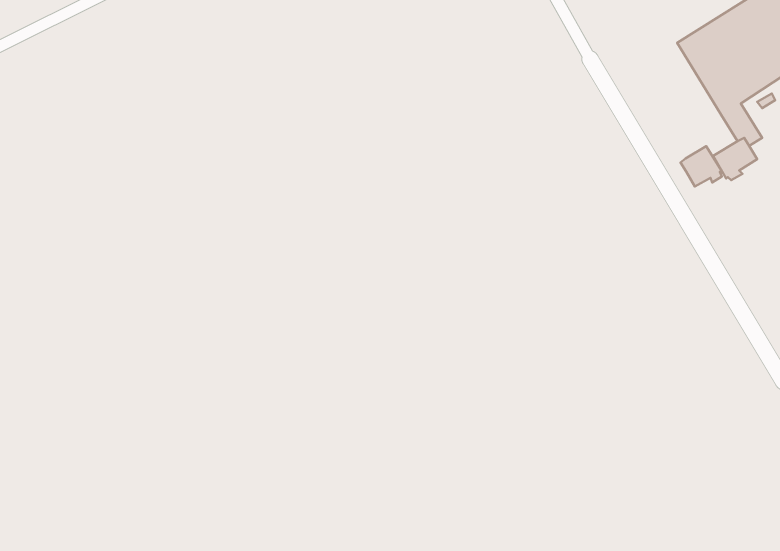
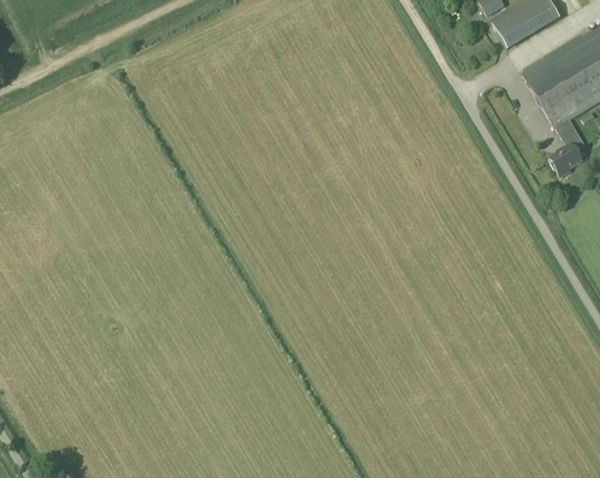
building: [681,146,722,186] -> none

